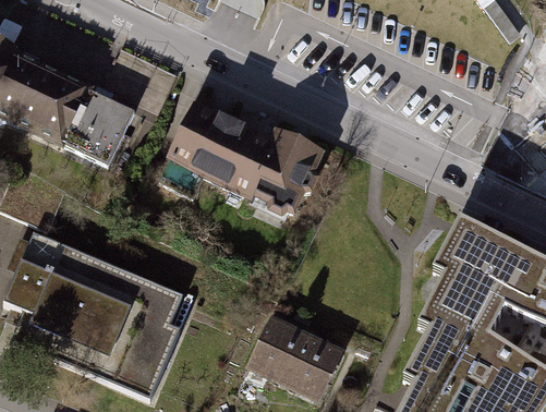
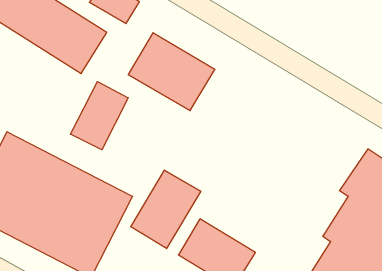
building: [247,130,323,215] -> none
building: none -> [70,82,128,150]
building: none -> [131,170,201,249]

